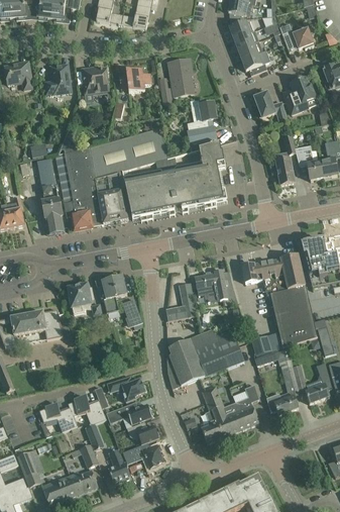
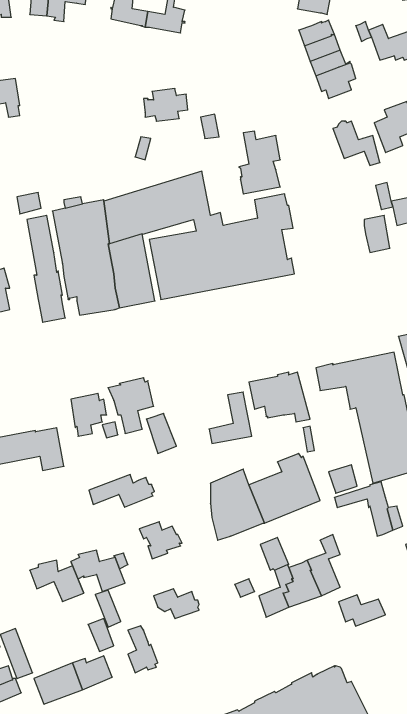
building: [167,58,193,96] -> none
building: [44,63,71,93] -> none
building: [81,67,108,93] -> none
building: [265,392,299,414] -> [339,595,385,626]
building: [106,401,152,424] -> [89,475,154,507]
building: [119,445,159,469] -> none

